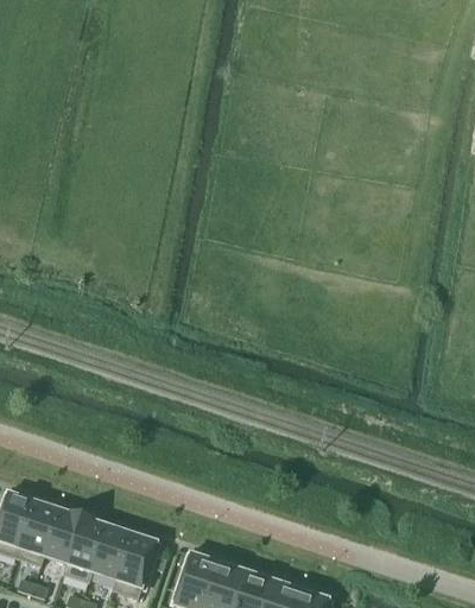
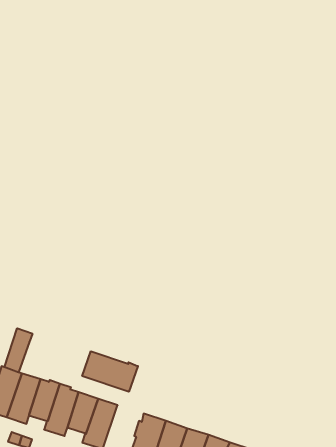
building: none -> [4,328,32,372]
building: none -> [82,351,138,392]

